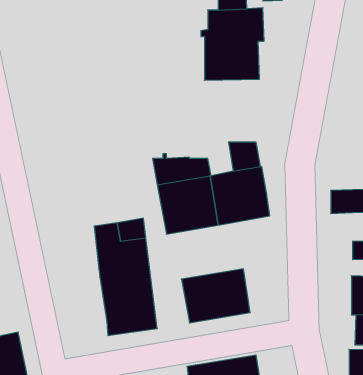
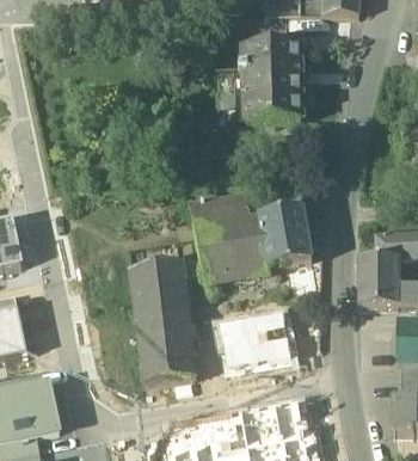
building: none -> [359,257,399,306]

